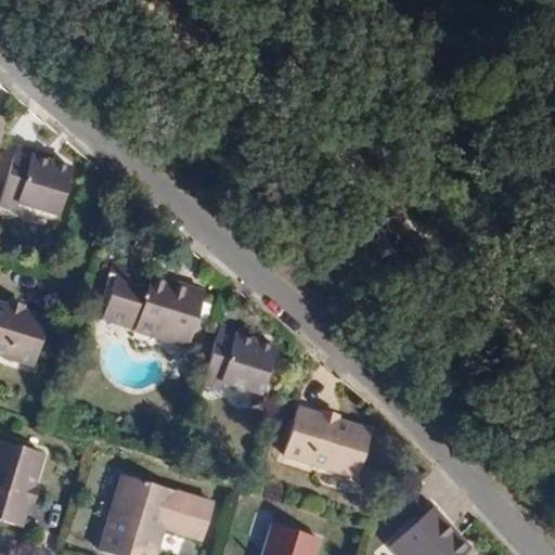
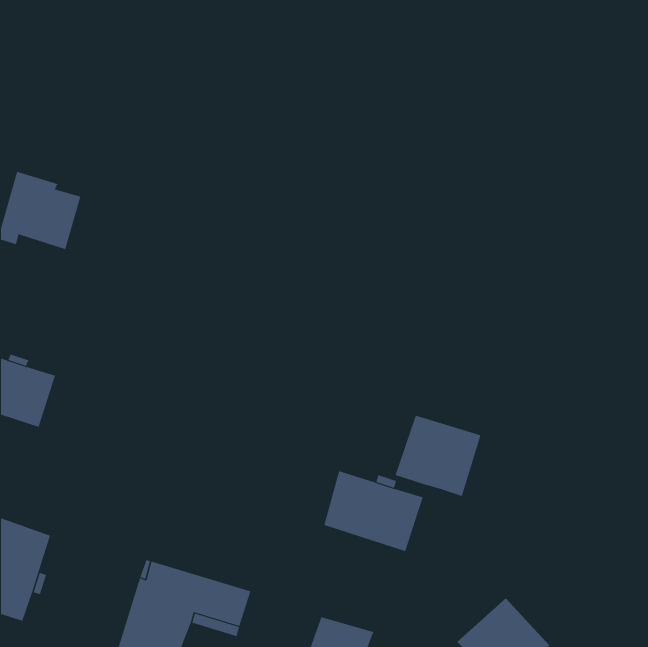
building: [101,262,204,346] -> none
building: [201,326,274,395] -> none
building: none -> [395,415,481,497]

